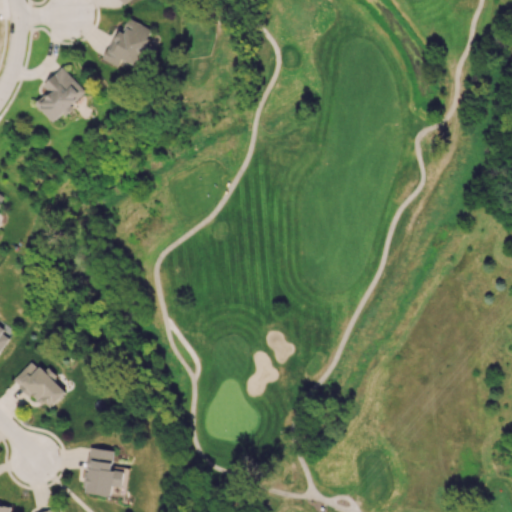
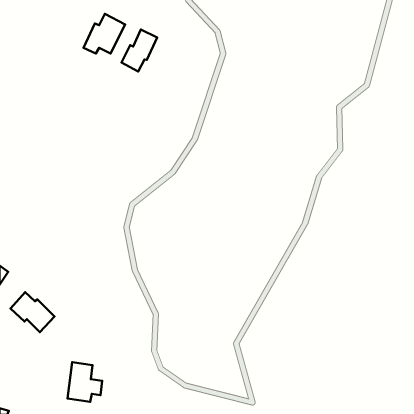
building: none -> [122,30,157,71]
building: [35,67,86,122] -> none

